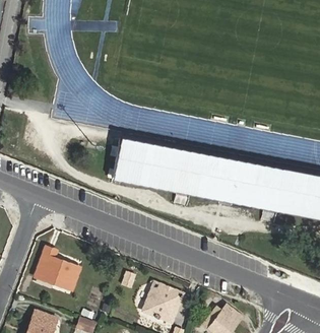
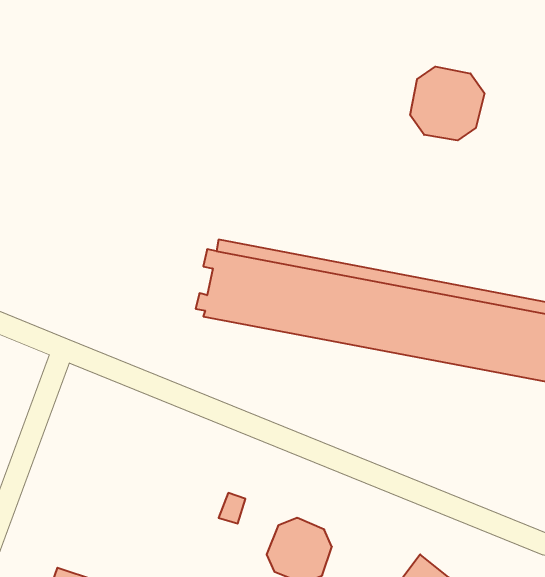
building: none -> [410,67,484,140]
building: [34,248,79,290] -> none

